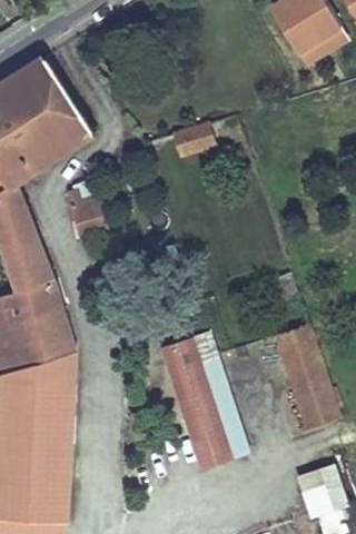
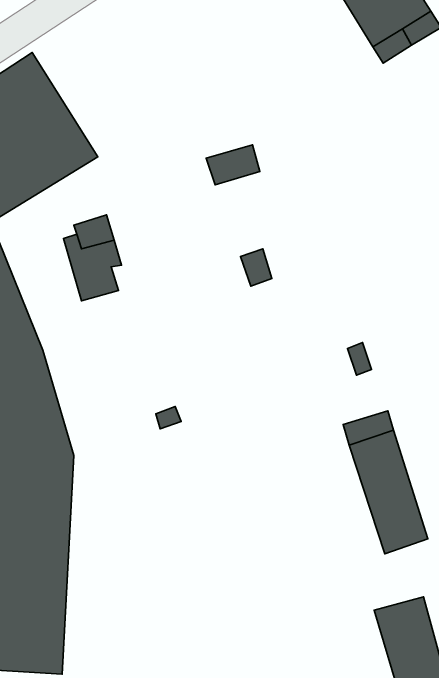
building: [164,305,238,467] -> none

